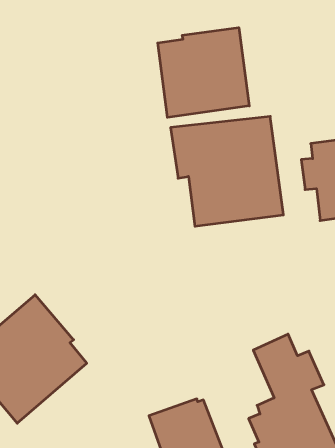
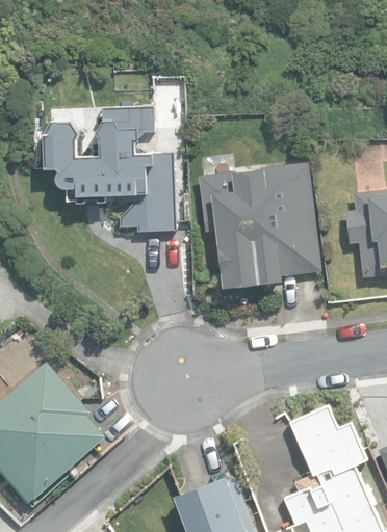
building: [158,28,249,117] -> none
building: none -> [43,105,177,233]

